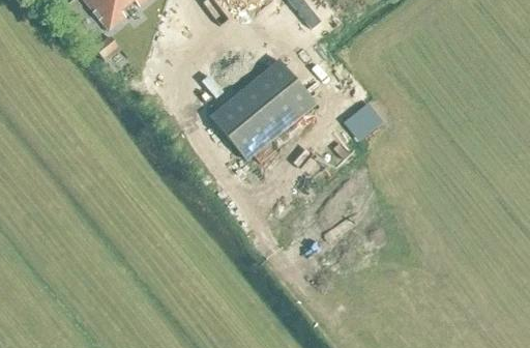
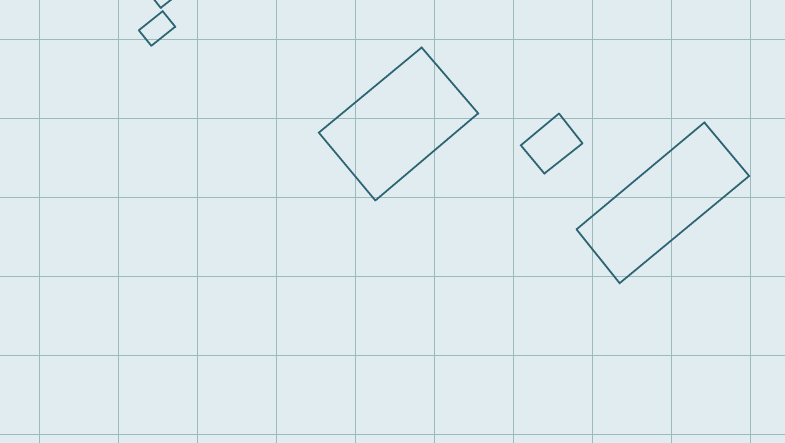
building: none -> [577,122,749,283]

